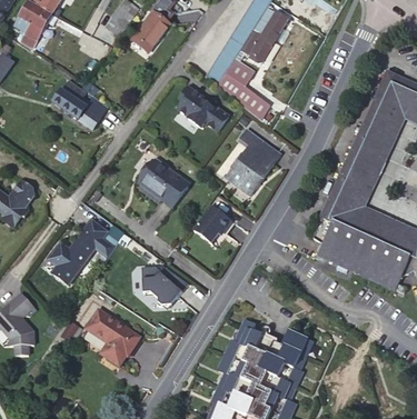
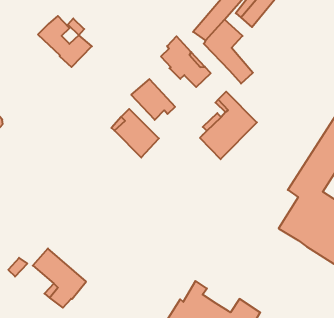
building: none -> [131,79,175,120]
building: [195,204,232,247] -> none
building: [48,218,117,283] -> none
building: [142,263,188,307] -> none

